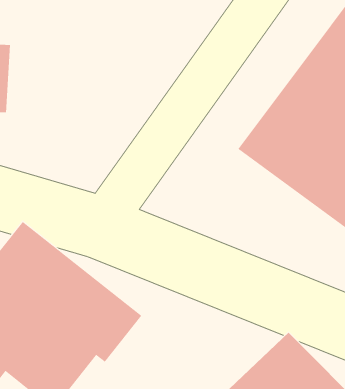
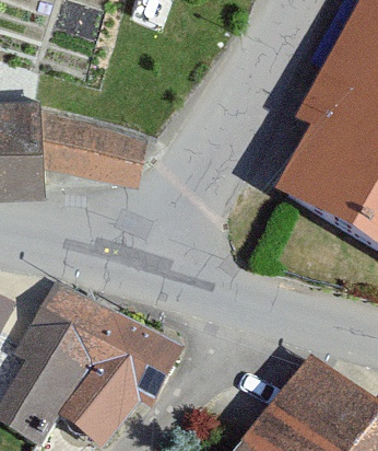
building: none -> [36,100,153,180]

